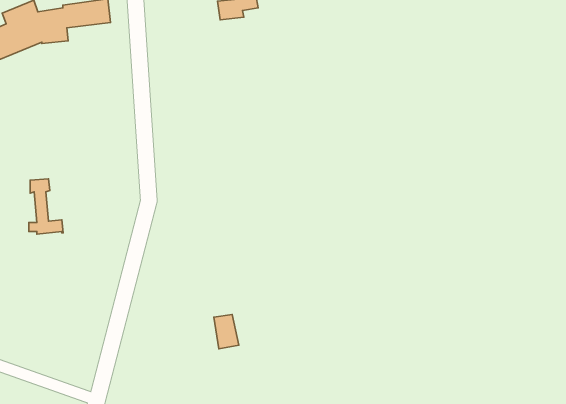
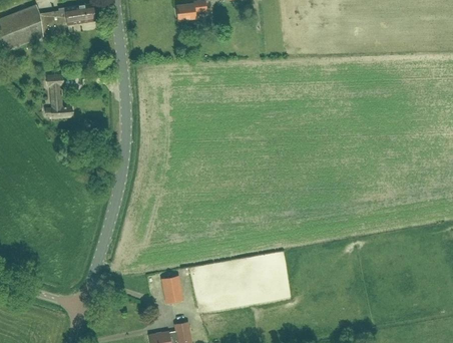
building: [29,179,63,234] -> [46,74,72,116]
building: [214,315,239,349] -> [161,276,180,302]

